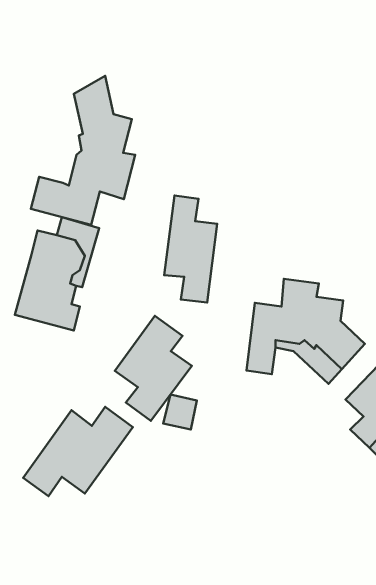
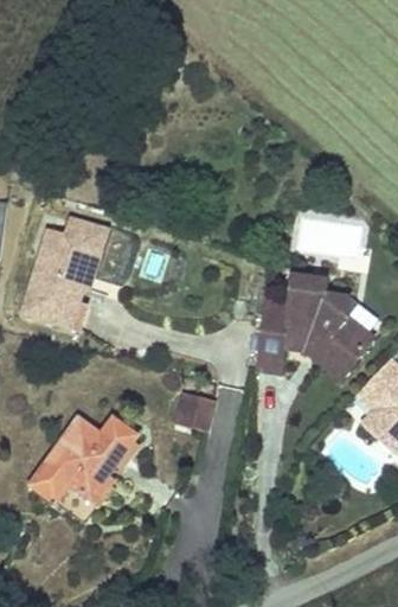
building: [31,76,135,225] -> none
building: [164,196,217,302] -> none
building: [115,316,192,421] -> none

